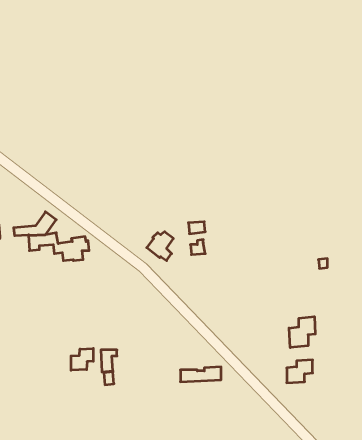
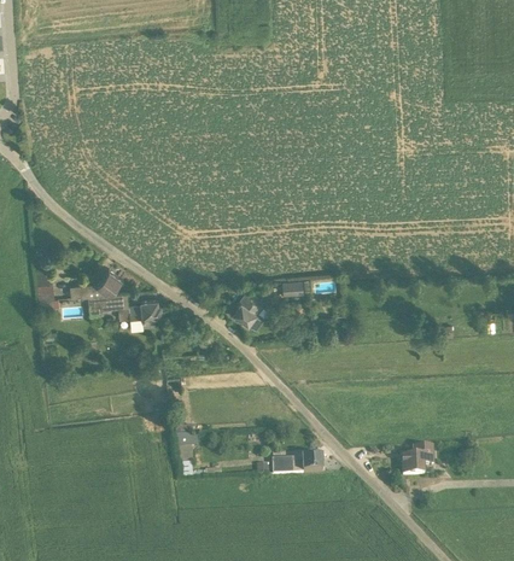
building: [289,317,315,348] -> none
building: [71,348,93,370] -> none

